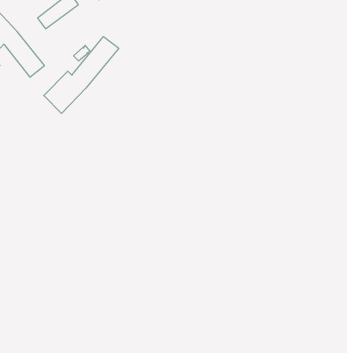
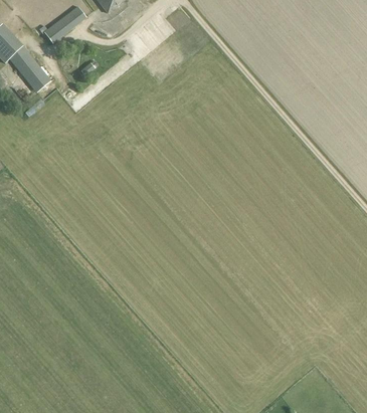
building: [44,37,119,113] -> none

